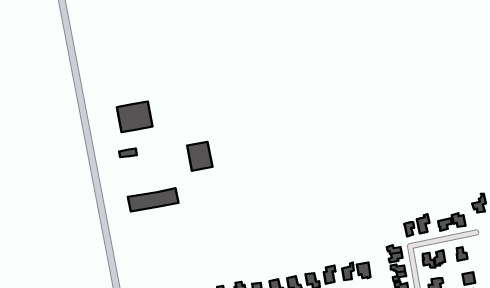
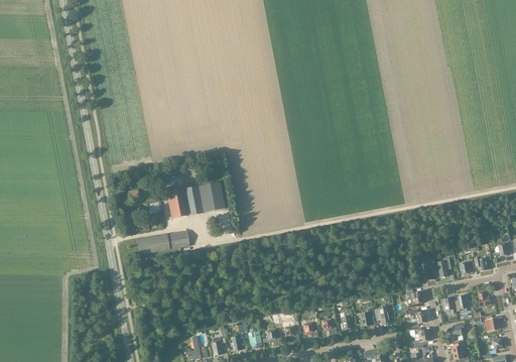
building: [117,101,153,132] -> [167,186,205,218]

